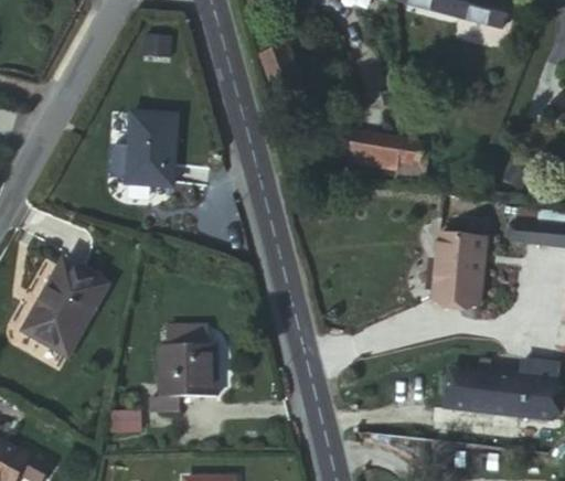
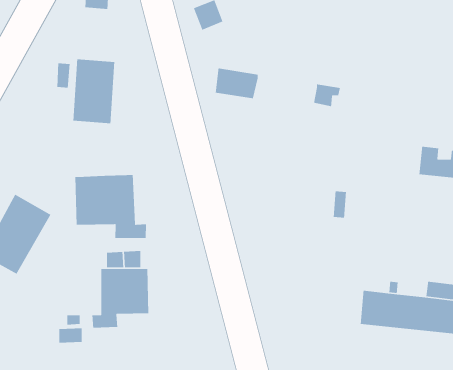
building: [350,133,398,169] -> [215,67,258,99]
building: [433,235,484,303] -> none
building: none -> [75,174,147,239]

